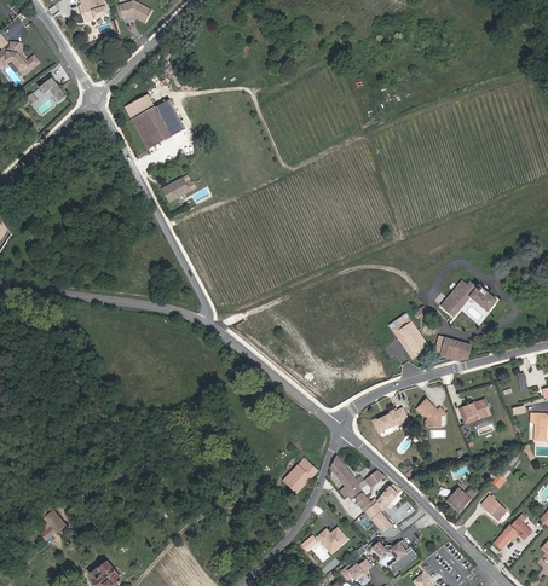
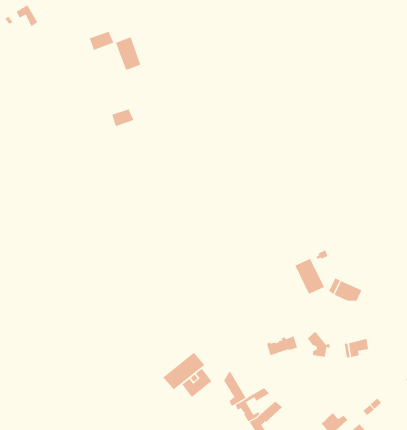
building: [132,108,171,149] -> none
building: [440,282,496,317] -> none
building: none -> [162,352,205,390]

